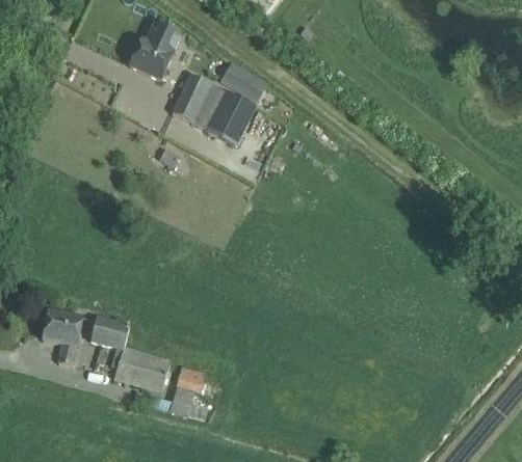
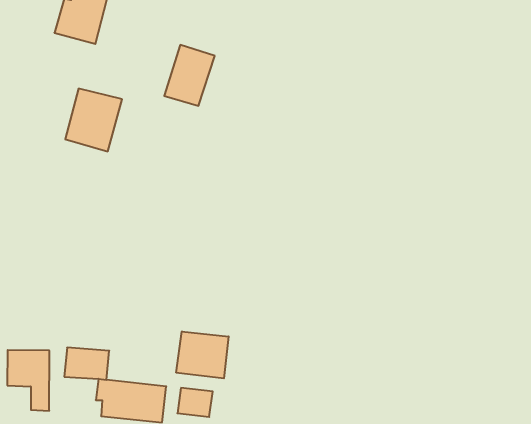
building: [225,66,266,103] -> none
building: [173,74,224,128] -> [65,89,122,151]
building: none -> [176,331,229,378]

